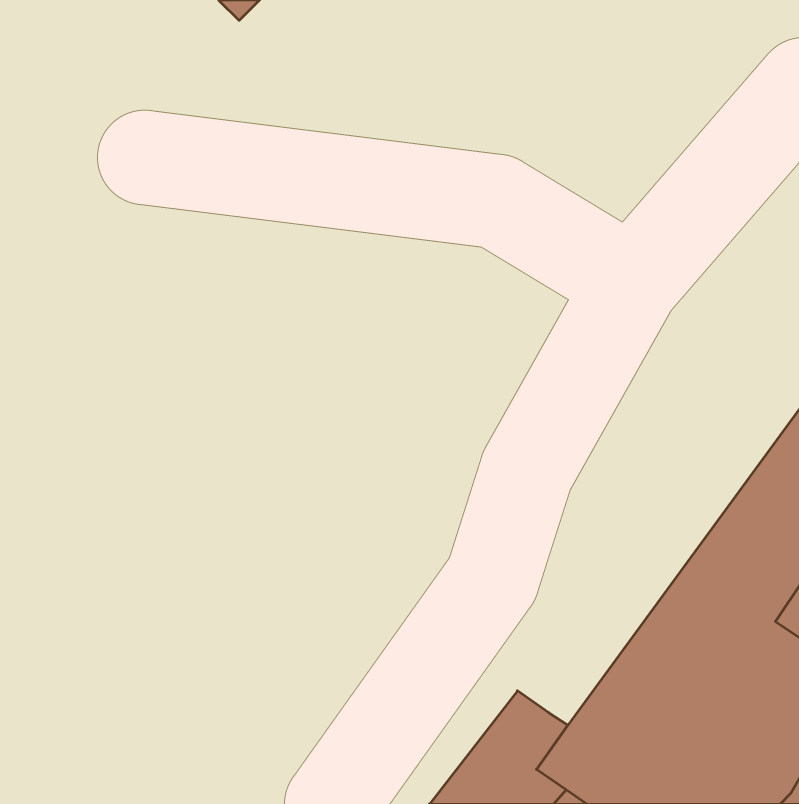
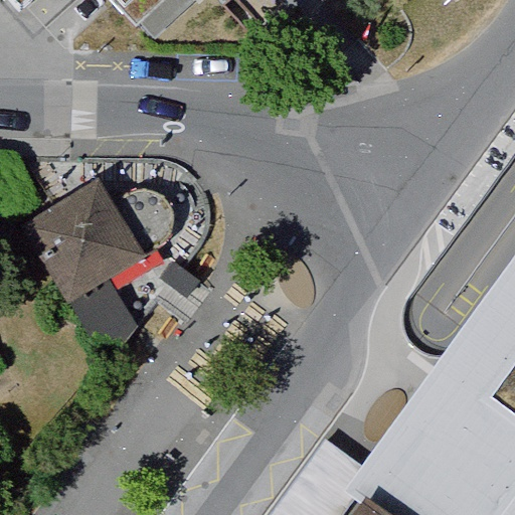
building: none -> [34,201,186,331]

